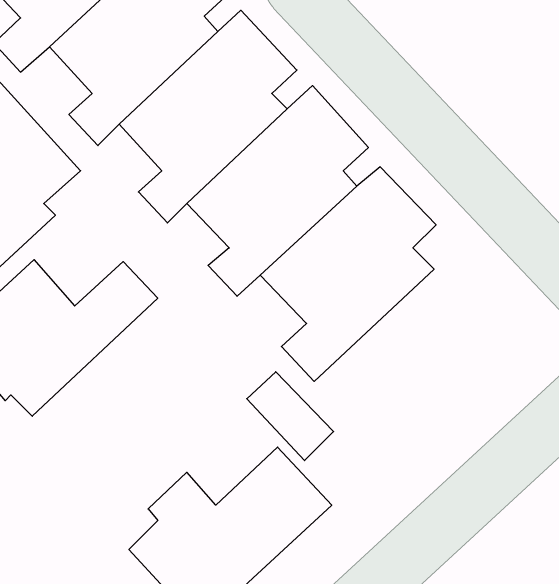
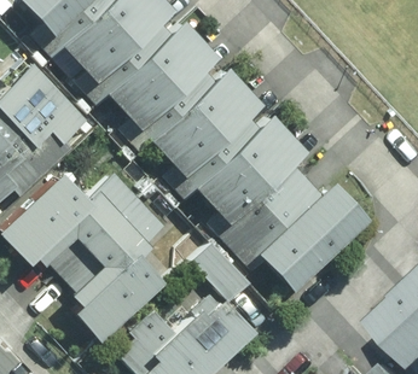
building: none -> [227,176,365,284]
building: none -> [51,194,156,333]

